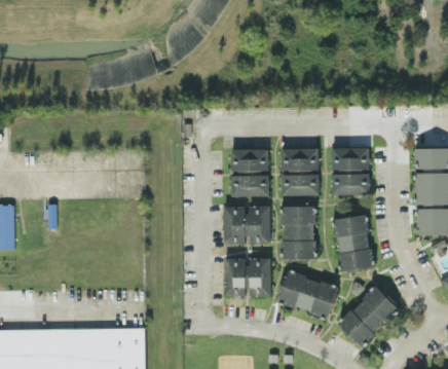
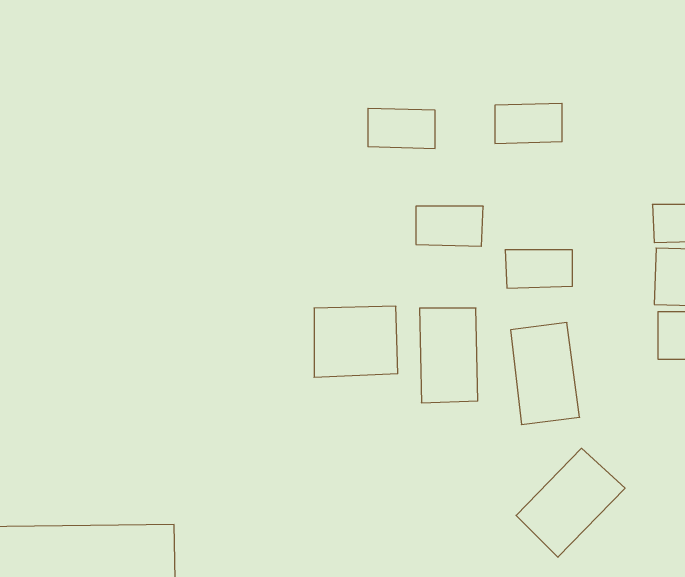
building: [331,148,369,171] -> [495,103,562,143]
building: [230,149,268,172] -> [368,108,435,148]
building: [281,174,319,196] -> none
building: [230,176,268,196] -> none
building: [223,258,270,296] -> none
building: [276,269,339,321] -> none

